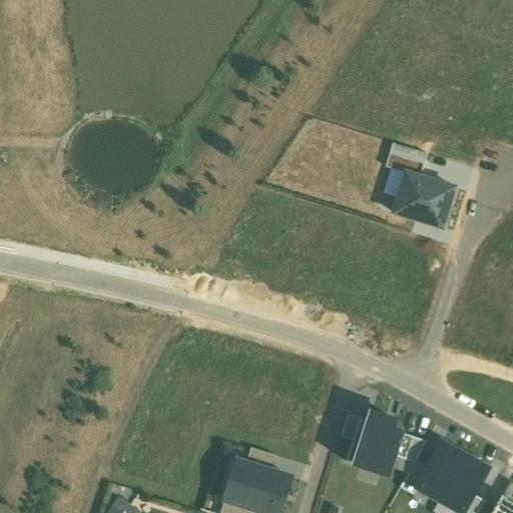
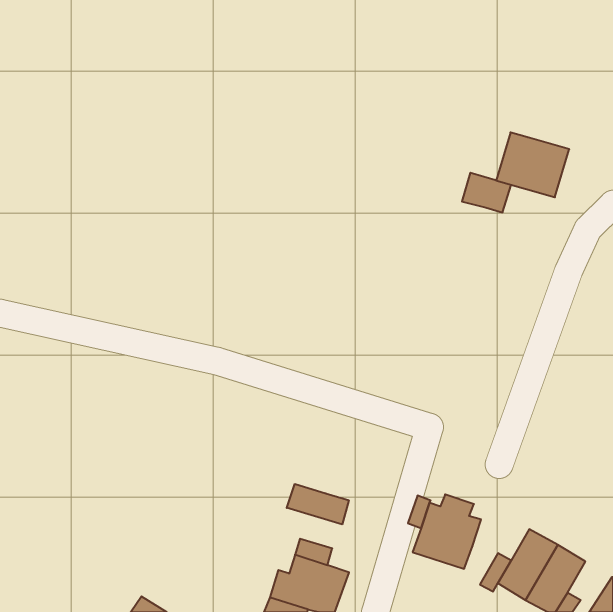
building: [394,173,455,227] -> [496,132,569,197]
building: none -> [287,484,349,524]
building: [395,434,427,463] -> none

